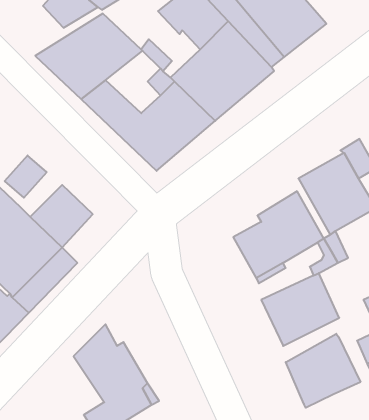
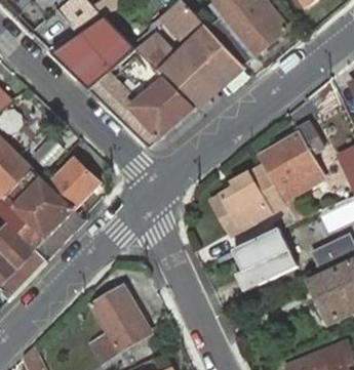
building: [286,334,360,408] -> none

